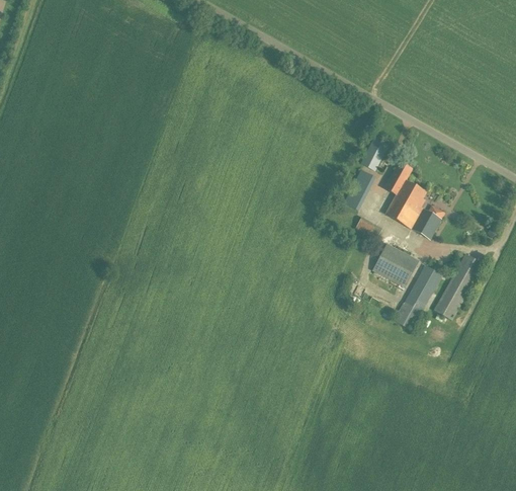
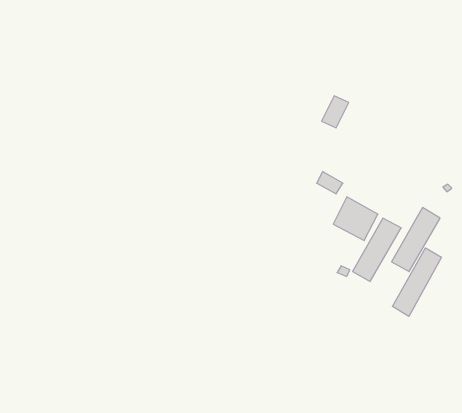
building: [384,161,444,239] -> none
building: none -> [392,248,441,316]

